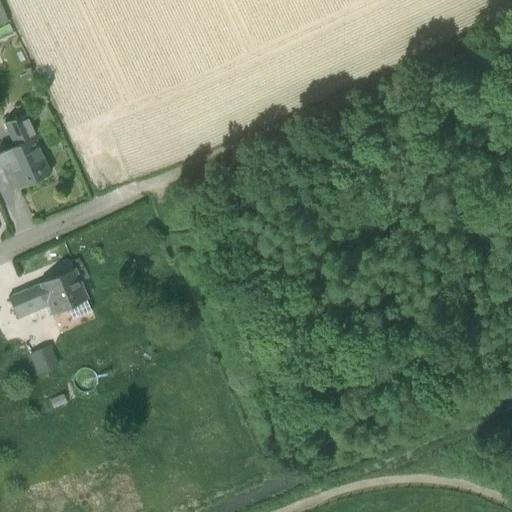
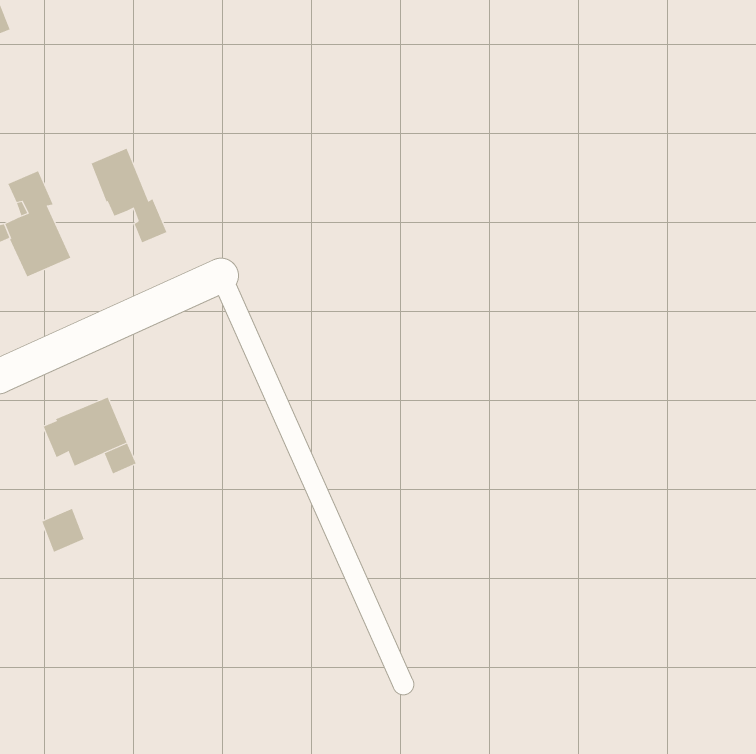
building: none -> [91,148,167,243]
building: [7,290,38,320] -> none

